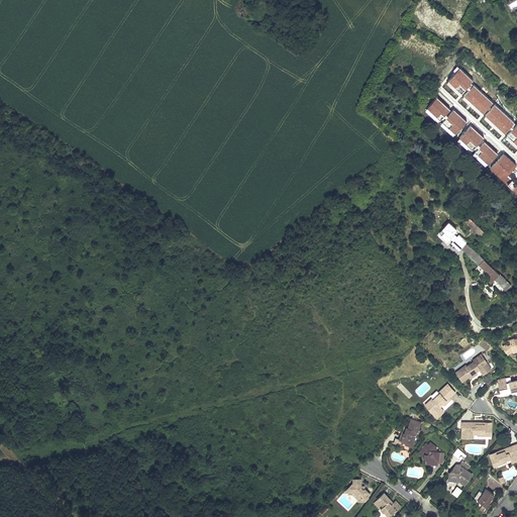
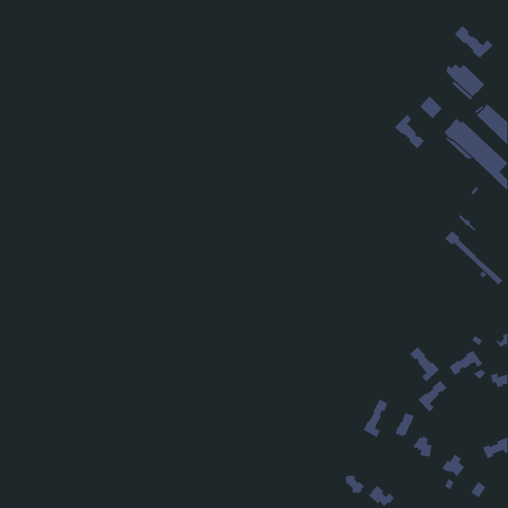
building: none -> [454,25,493,59]
building: none -> [394,114,425,149]
building: none -> [409,346,440,382]
building: none -> [363,399,388,438]
building: [461,423,492,438] -> none

